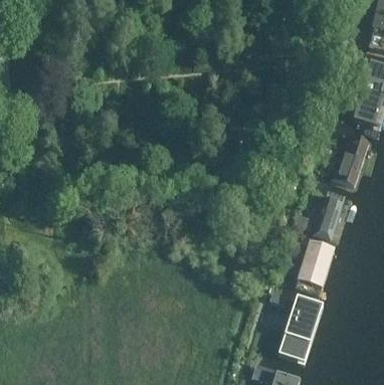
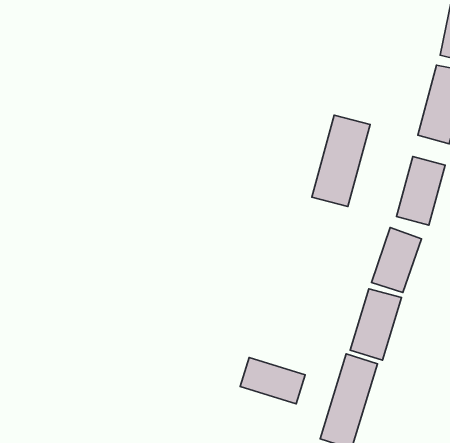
building: none -> [312,115,370,206]
building: none -> [240,358,305,404]

